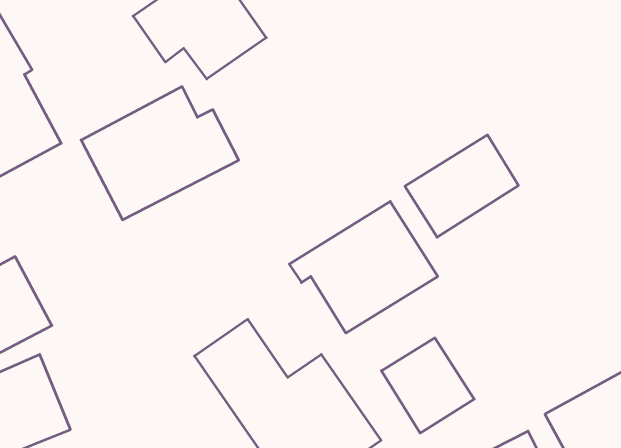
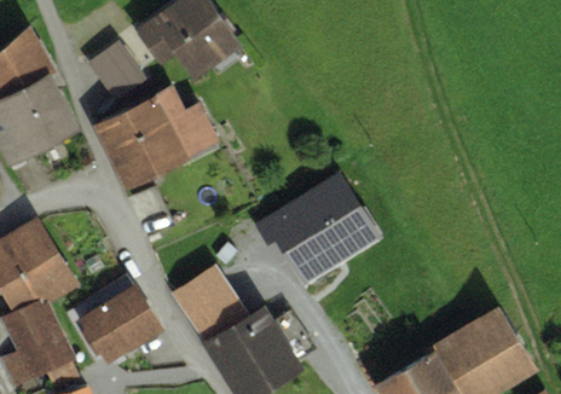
building: none -> [83,40,143,102]
building: [405,135,518,237] -> none
building: none -> [69,279,156,358]
building: [381,338,474,433] -> none

